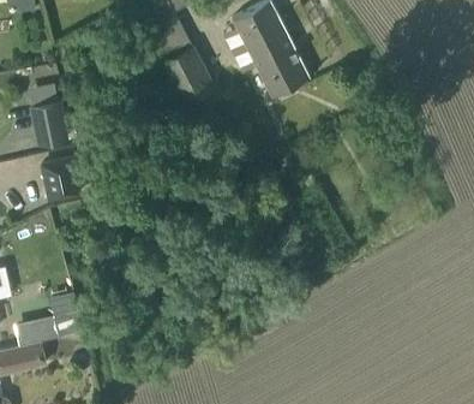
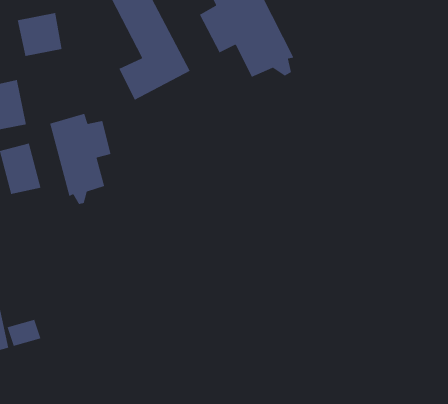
building: none -> [17,12,63,57]
building: none -> [49,113,112,205]

